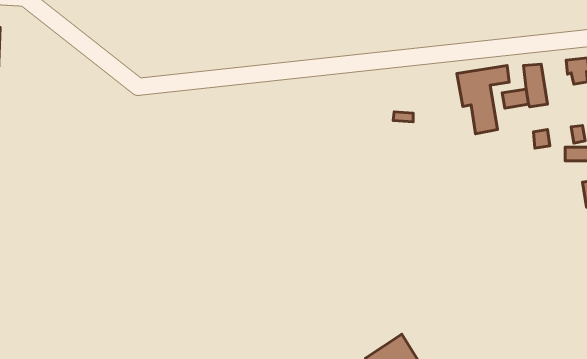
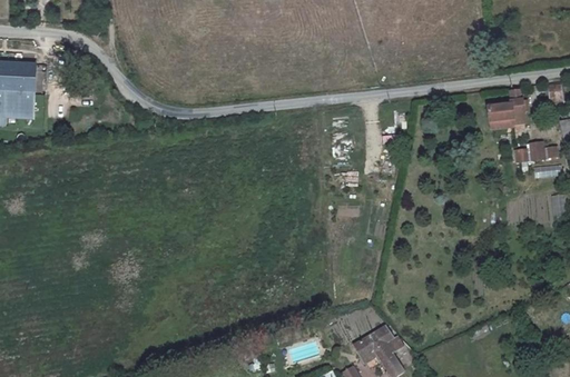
building: [457,66,509,134] -> none

